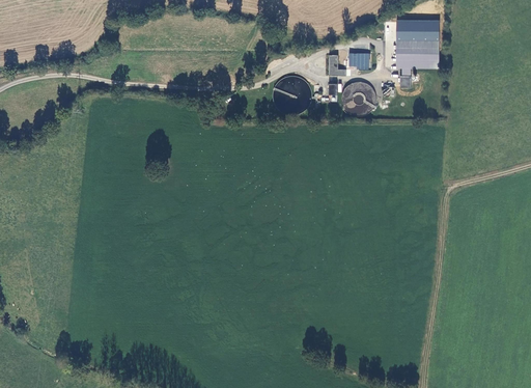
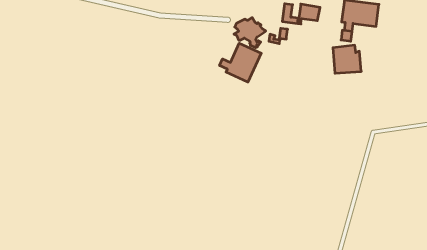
building: [341,79,378,114] -> [333,45,361,73]
building: none -> [220,43,261,82]

